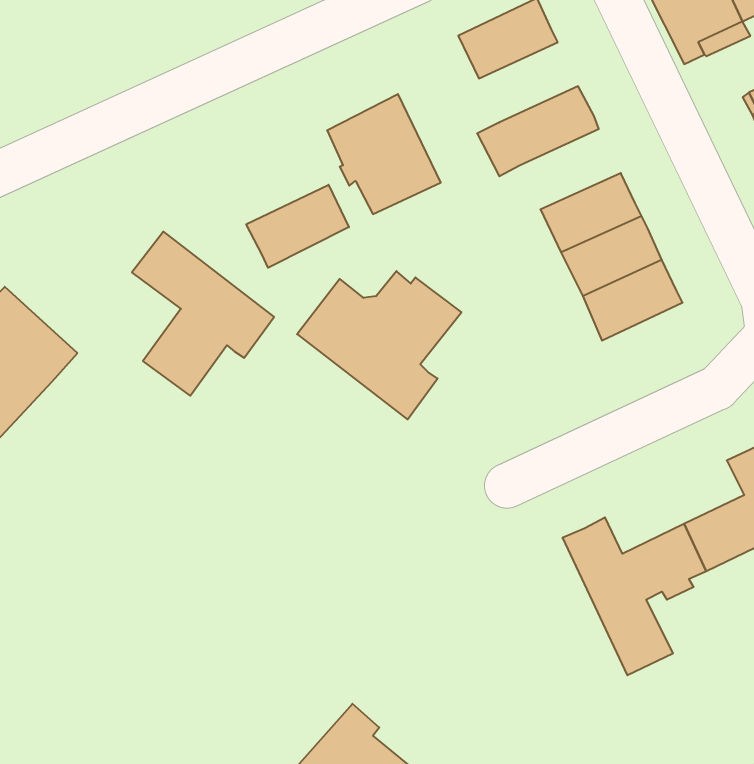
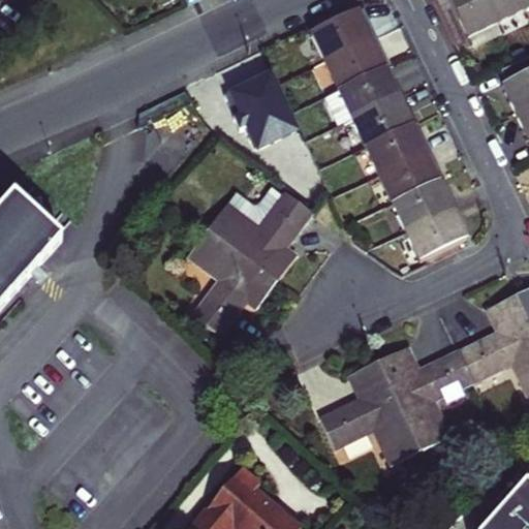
building: none -> [324,35,390,88]
building: none -> [351,92,417,145]
building: [246,185,349,268] -> none
building: [132,232,274,396] -> [185,226,278,334]
building: none -> [405,206,471,259]
building: none -> [320,360,422,463]

